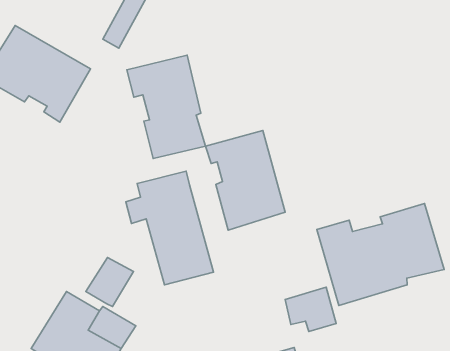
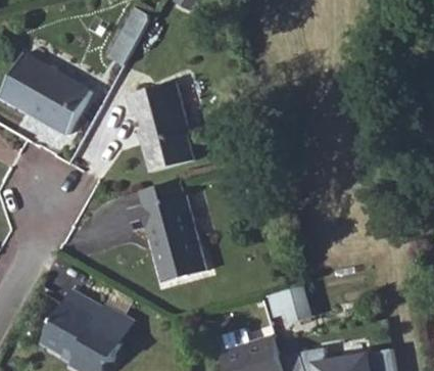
building: [205,131,285,230] -> none
building: [317,204,444,305] -> none
building: [86,258,134,307] -> none

